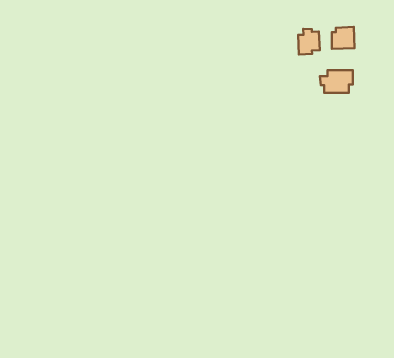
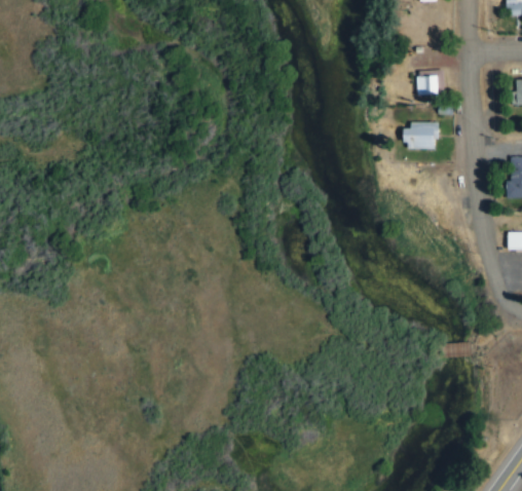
building: [298,29,320,54] -> none

